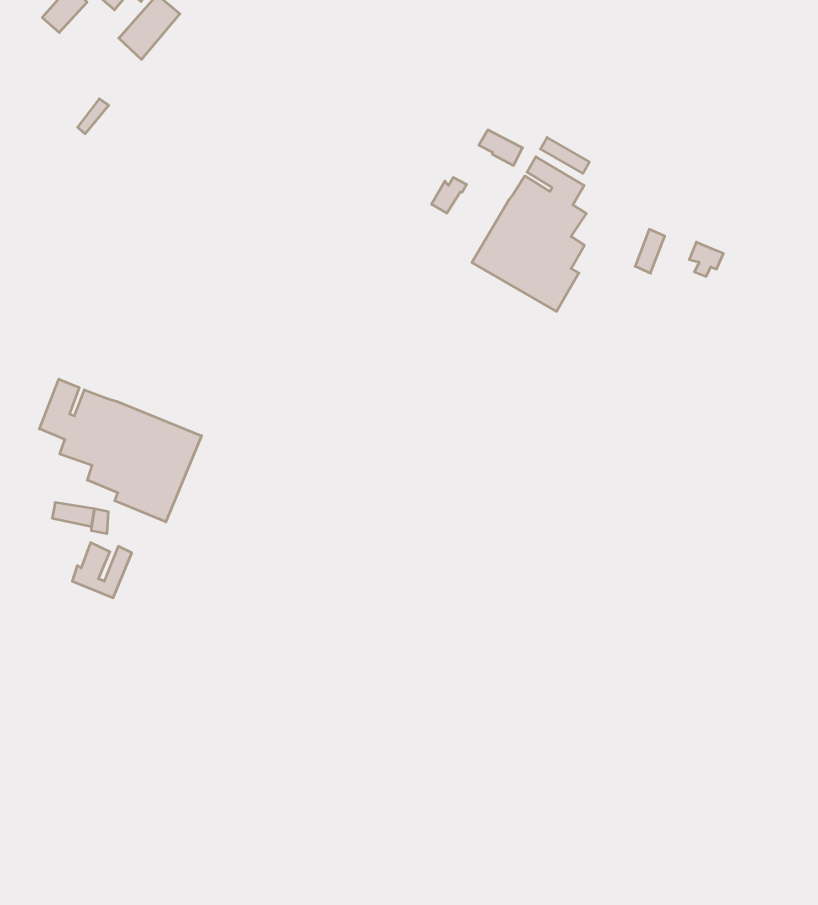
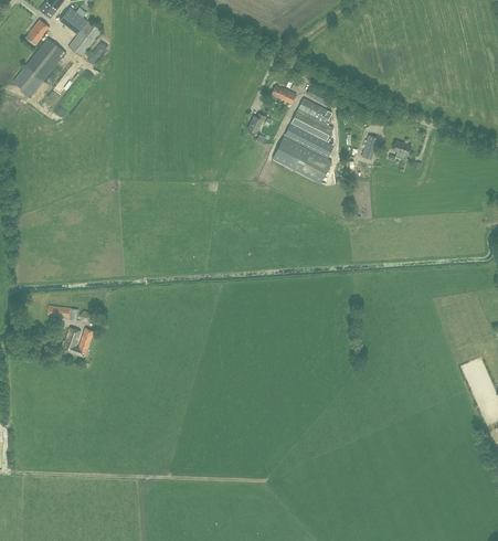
building: none -> [12,38,66,97]
building: [39,379,202,522] -> none

